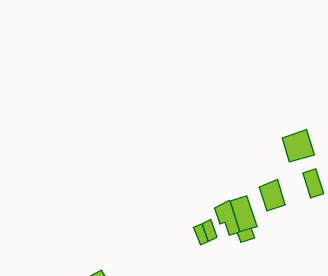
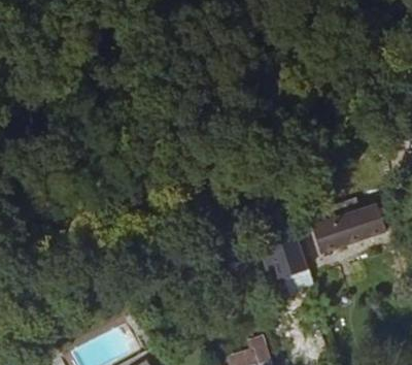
building: [282,129,315,162] -> [333,207,371,245]

